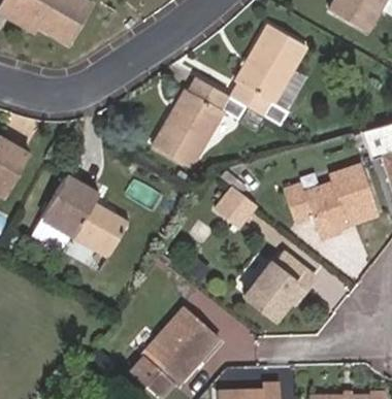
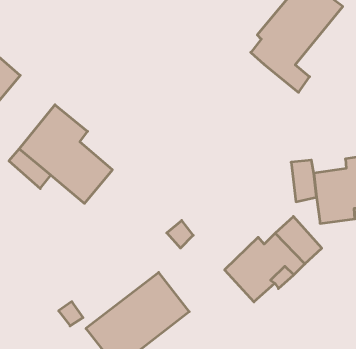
building: [153,76,246,168] -> none
building: [213,184,253,225] -> none

